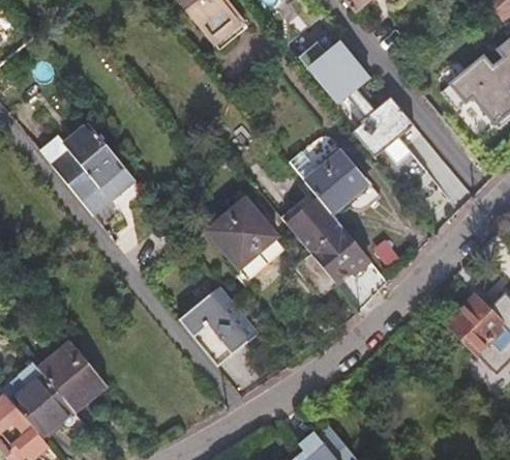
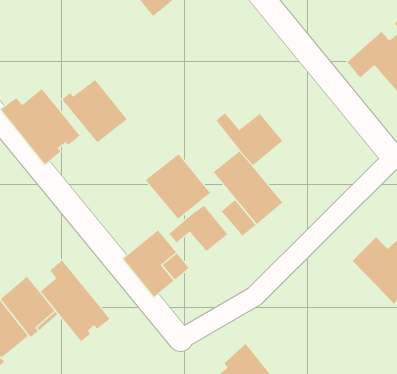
building: [297,37,413,164] -> none
building: none -> [62,79,127,143]
building: none -> [169,205,228,252]
building: none -> [40,259,110,342]

